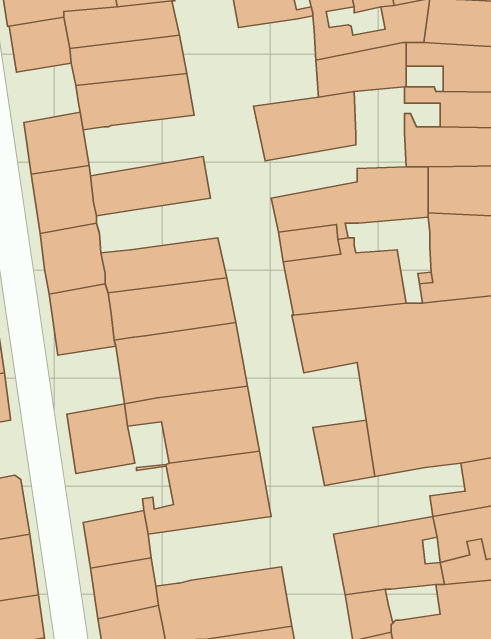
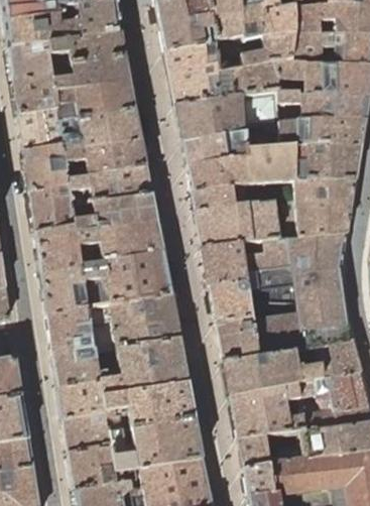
building: none -> [164,45,219,107]
building: none -> [13,78,56,118]
building: none -> [243,94,277,126]
building: none -> [58,113,140,154]
building: none -> [182,133,245,169]
building: none -> [68,169,150,207]
building: none -> [41,270,87,317]
building: none -> [209,281,251,326]
building: none -> [53,350,100,390]
building: none -> [223,353,296,398]
building: none -> [103,386,194,433]

